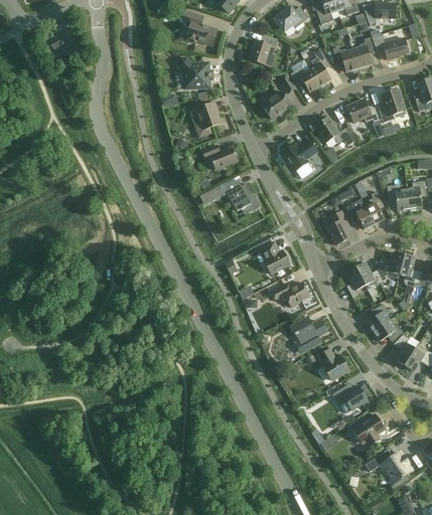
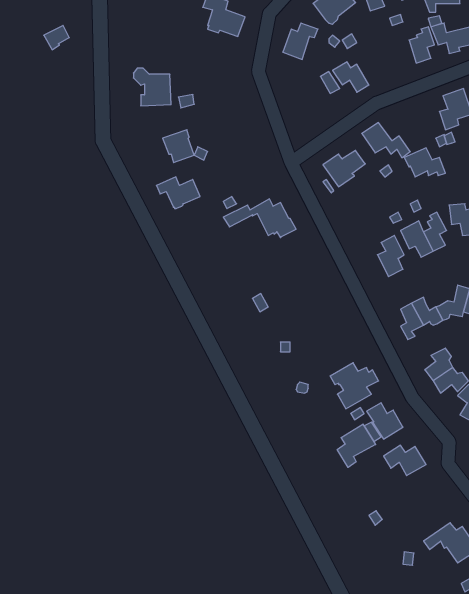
building: [333,46,359,71] -> none
building: [310,48,330,85] -> none
building: [178,57,209,89] -> [133,68,171,106]
building: [262,91,292,119] -> none
building: [345,99,380,123] -> [404,148,445,177]
building: [195,102,222,129] -> [163,130,194,163]
building: [201,144,238,170] -> [156,177,200,209]
building: [260,241,290,274] -> none
building: [271,282,309,307] -> none
building: none -> [337,424,376,467]
building: [352,413,385,446] -> none

